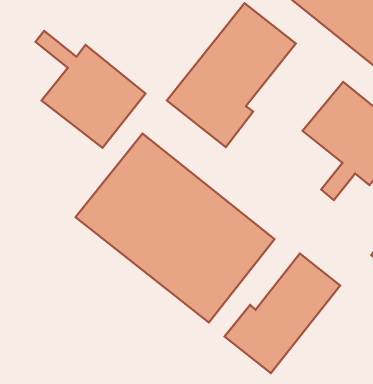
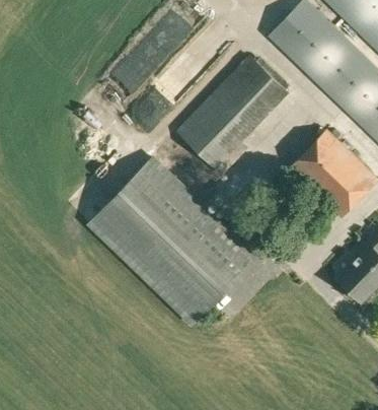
building: [36,31,145,148] -> none
building: [225,253,340,373] -> none

